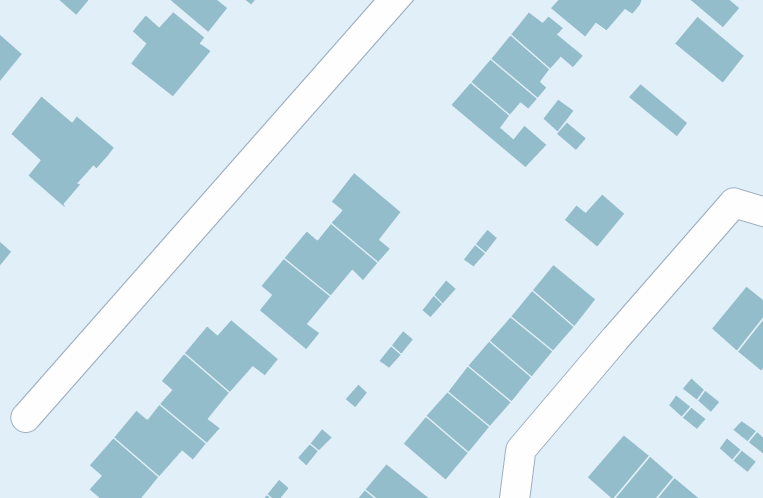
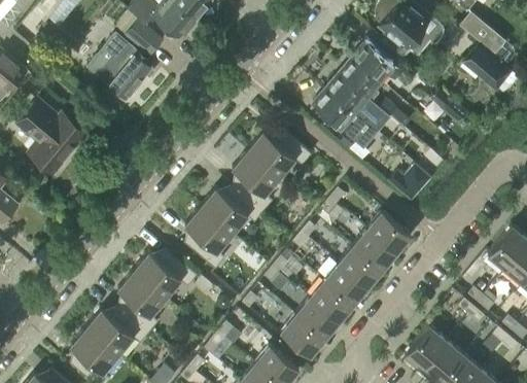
building: none -> [247,128,311,177]

